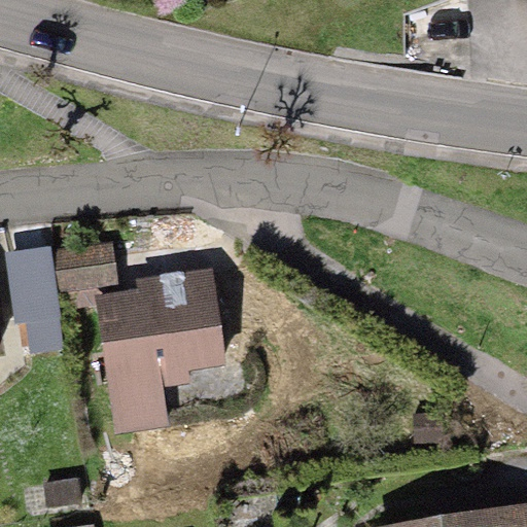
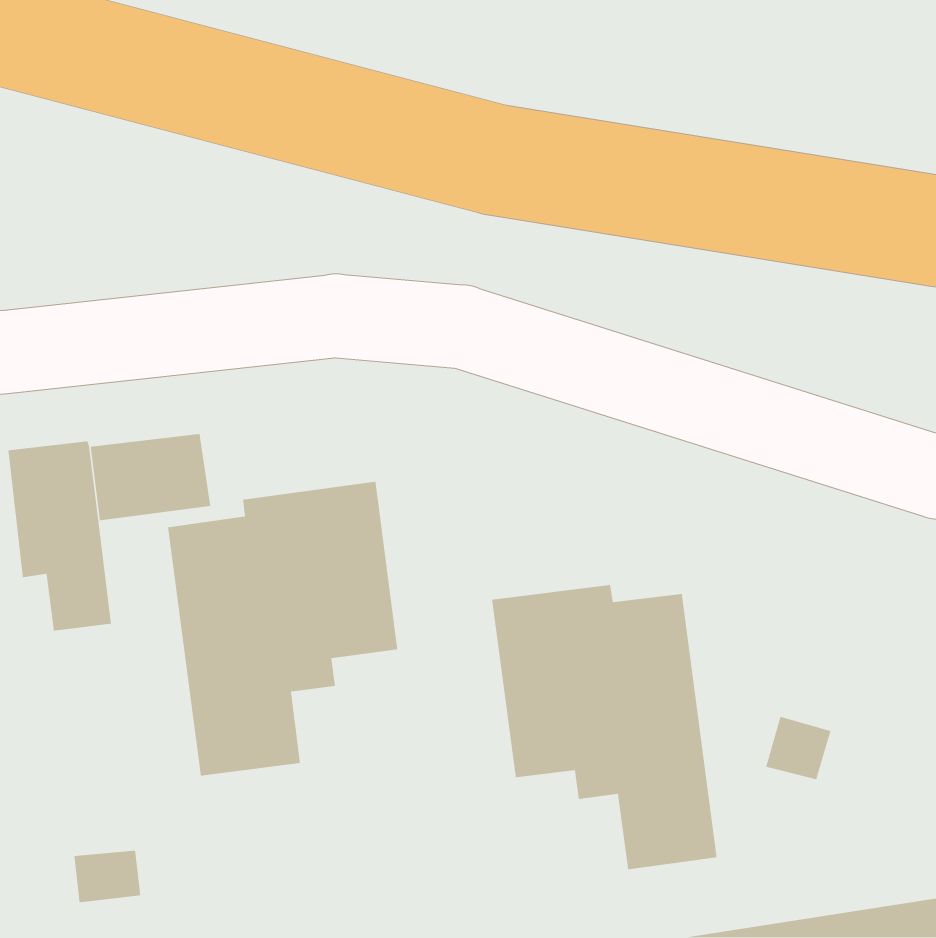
building: none -> [491,584,717,870]

